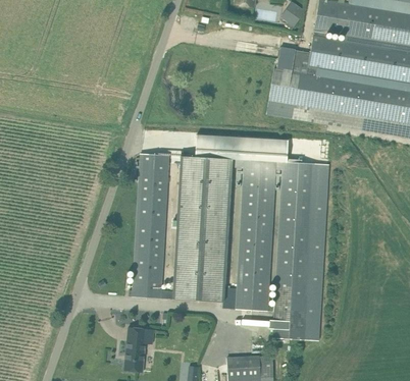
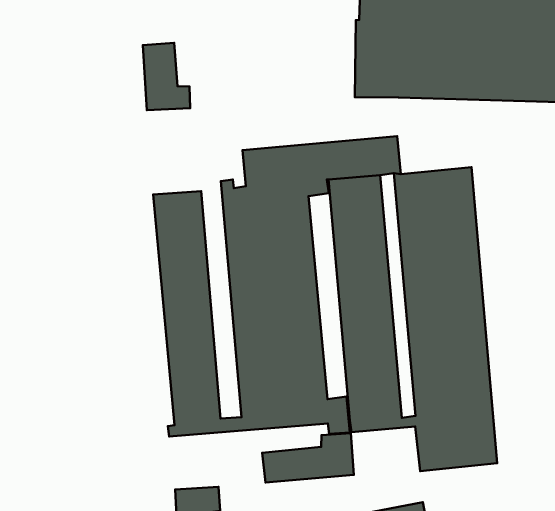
building: none -> [143,43,190,110]
building: none -> [262,433,354,483]

